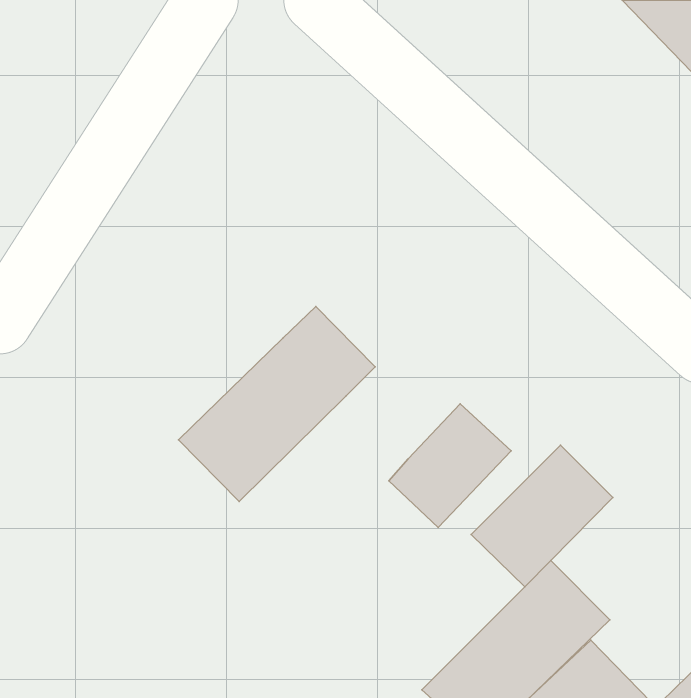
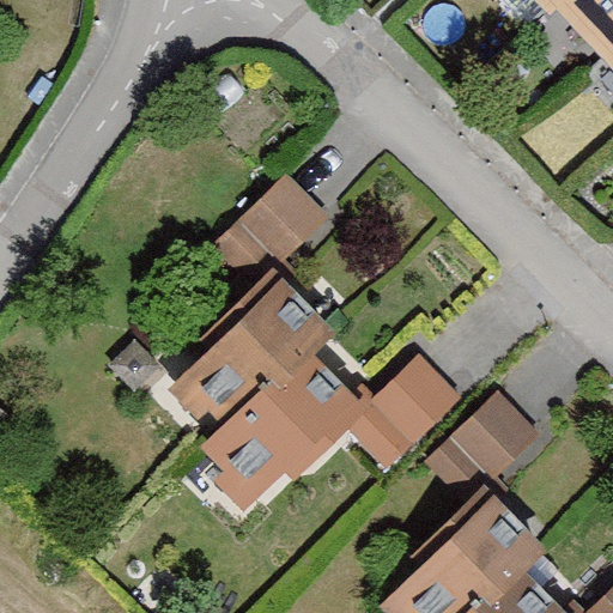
building: none -> [208,175,332,298]
building: none -> [200,348,365,514]

